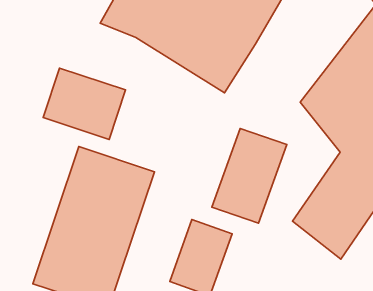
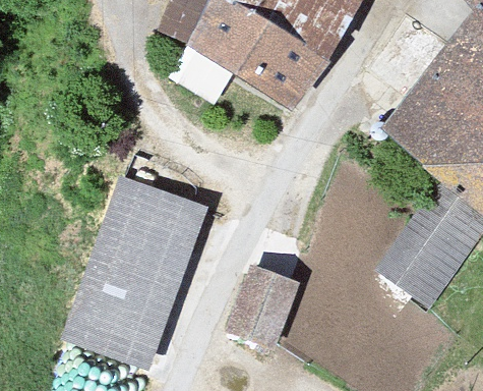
building: [43,68,125,140] -> none
building: [212,128,287,223] -> none

